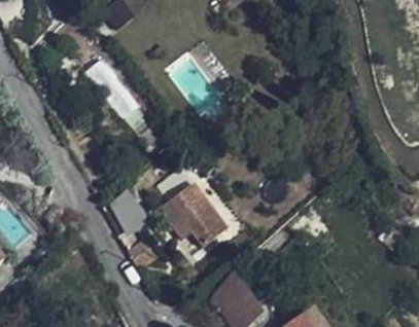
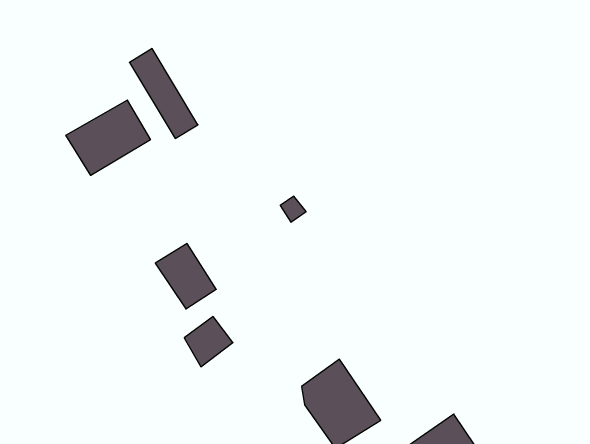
building: none -> [66,100,150,175]
building: [169,186,238,250] -> none

